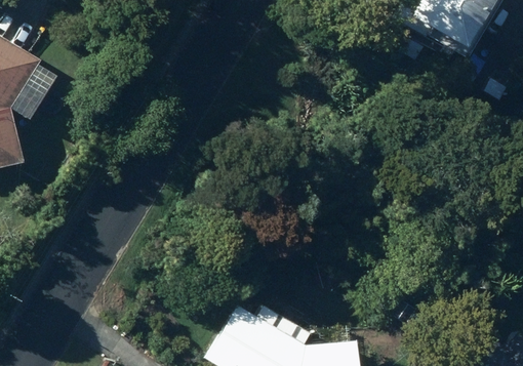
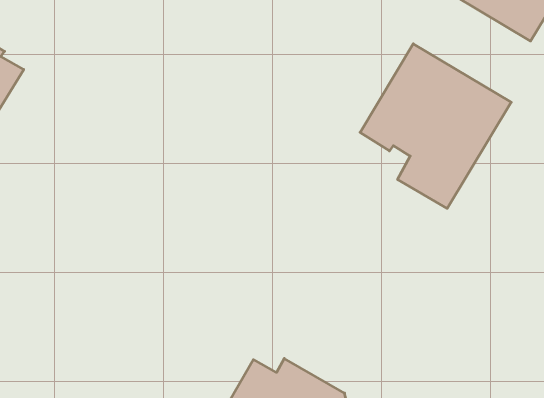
building: none -> [360,44,511,208]

